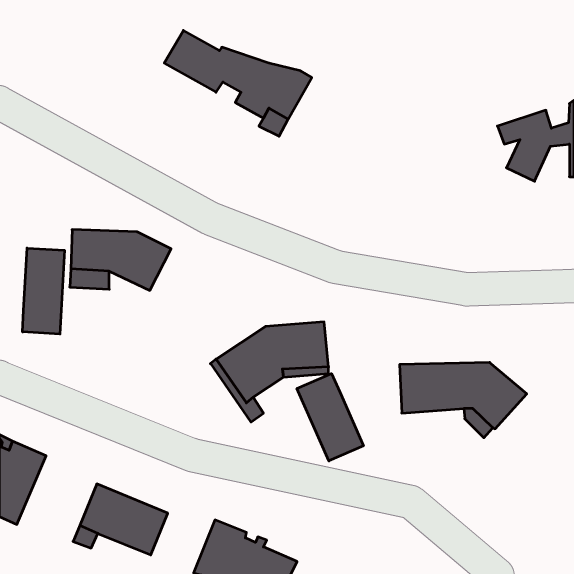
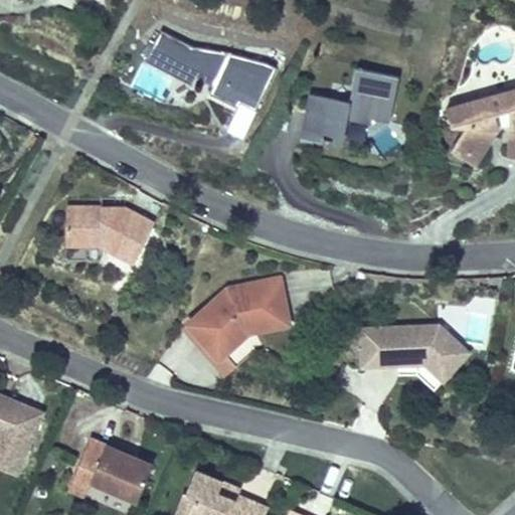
building: none -> [298,70,396,149]
building: [23,248,64,334] -> none
building: [297,374,363,461] -> none

